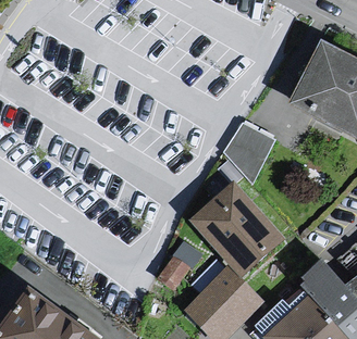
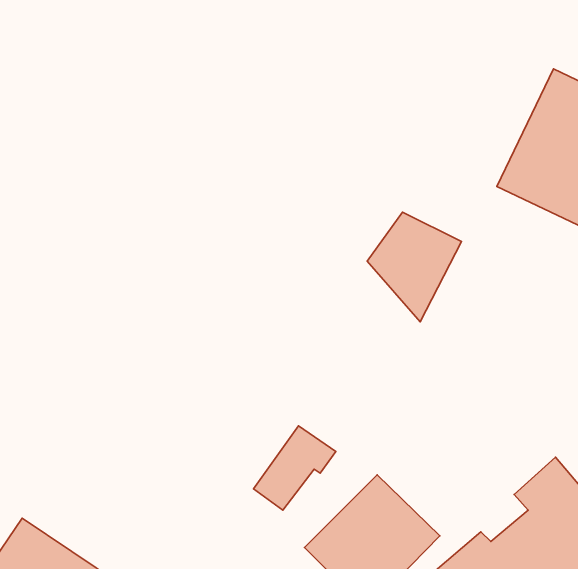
building: [192,184,282,275] -> none

